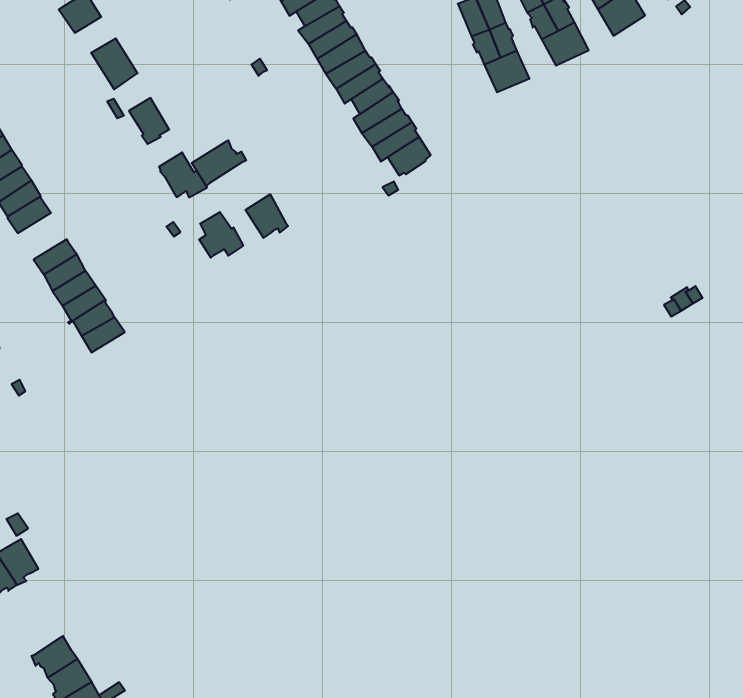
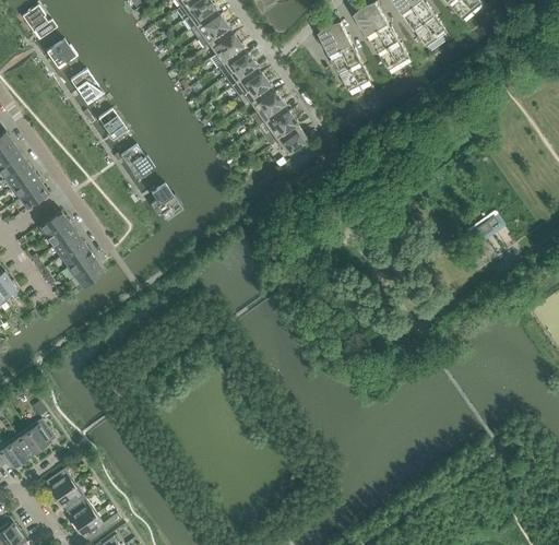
building: [192,140,246,186] -> none
building: [246,194,288,238] -> none
building: none -> [46,466,75,497]

